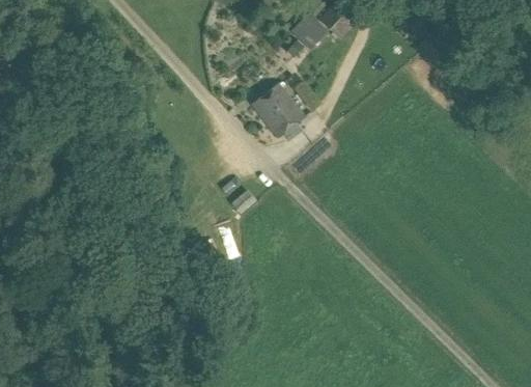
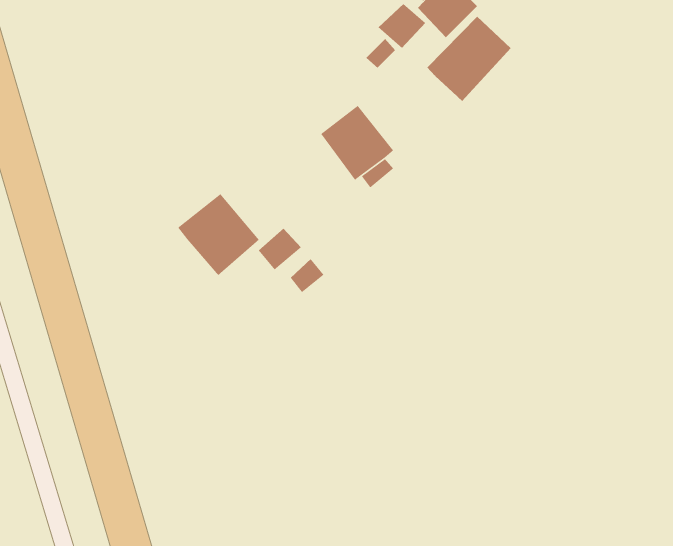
building: none -> [426,16,511,102]
building: none -> [177,193,260,276]

